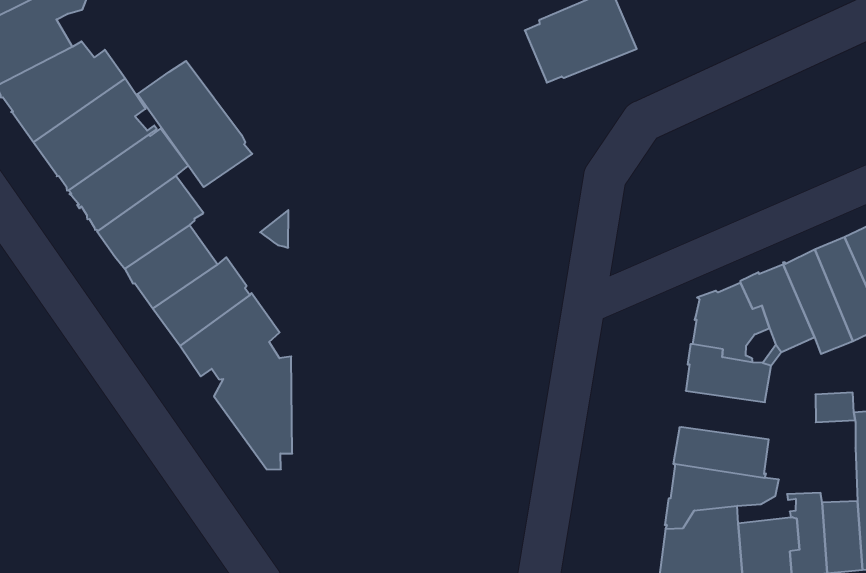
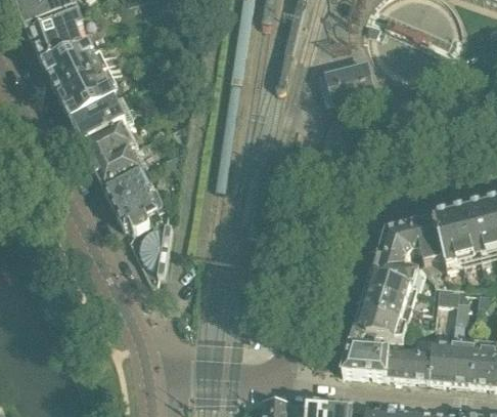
building: [137,61,252,187] -> none
building: none -> [367,273,417,305]

